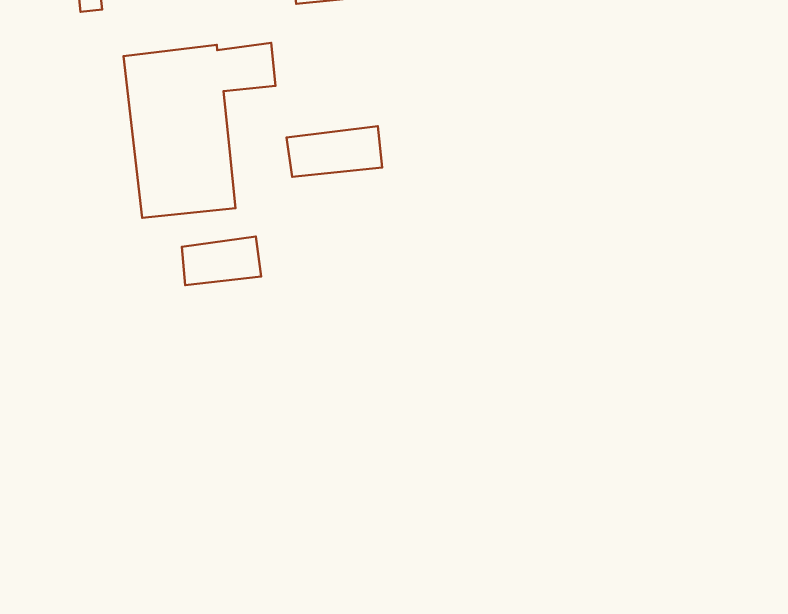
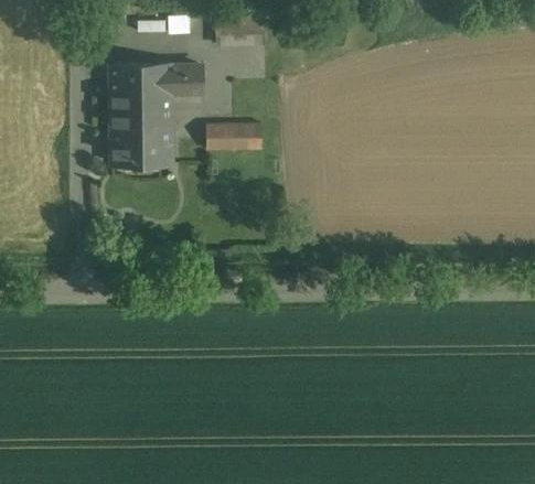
building: [182,237,261,285] -> none

